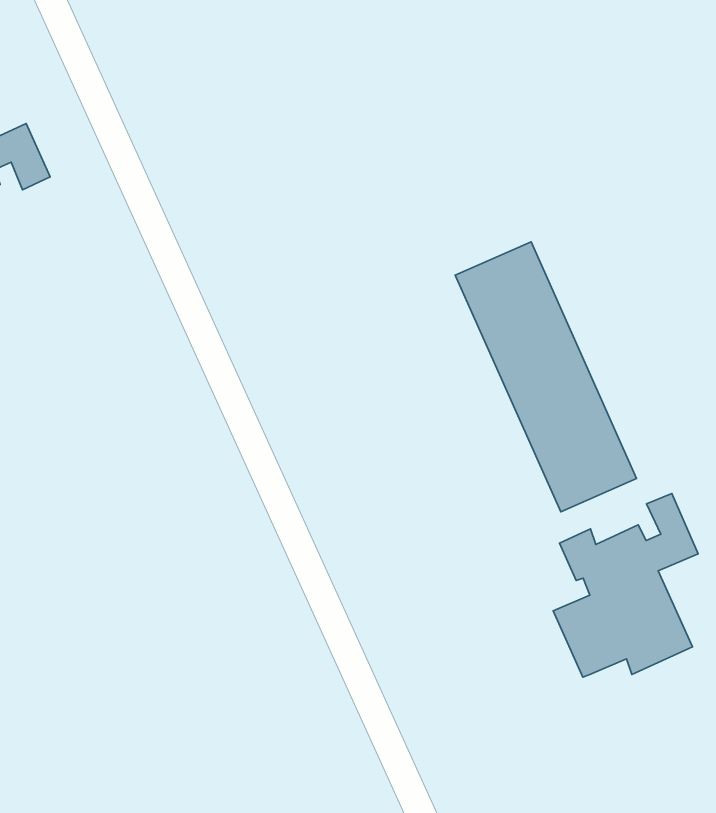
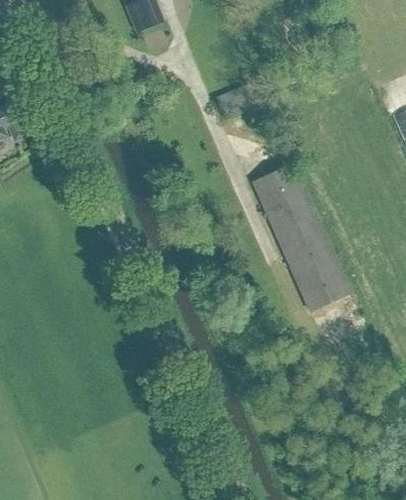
building: [553,493,698,677] -> none

